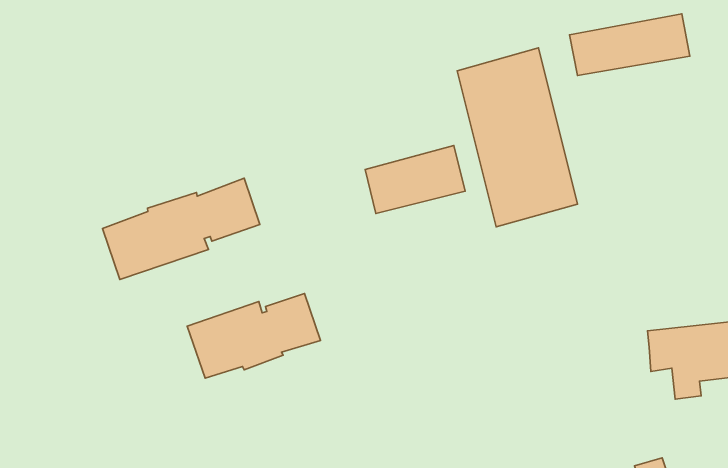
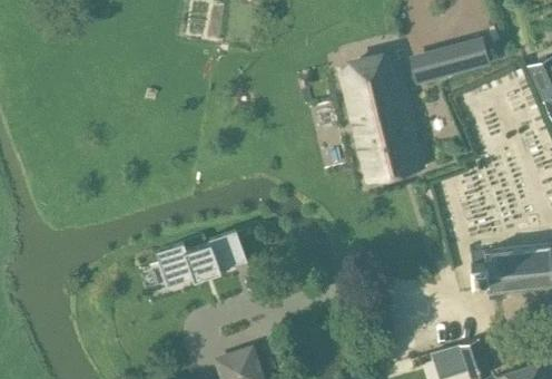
building: [365,146,465,213] -> none
building: [103,178,260,280] -> none

